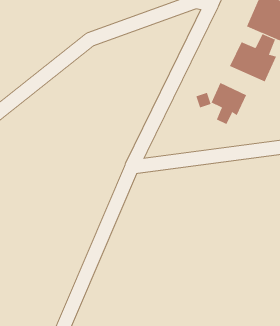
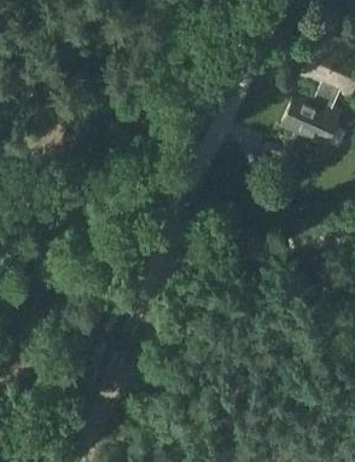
building: [211,82,247,125] -> none

